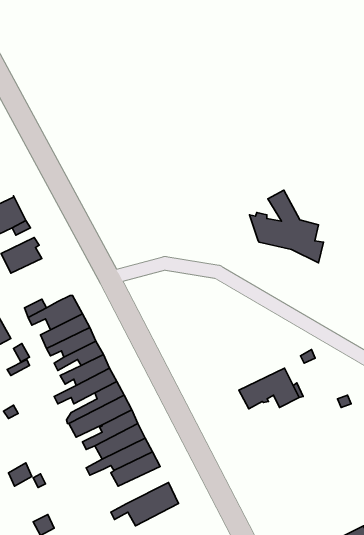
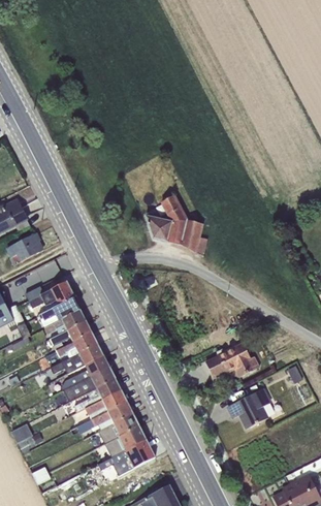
building: [249,190,323,263] -> [146,194,207,255]
building: none -> [228,387,276,428]
building: none -> [104,425,147,456]

